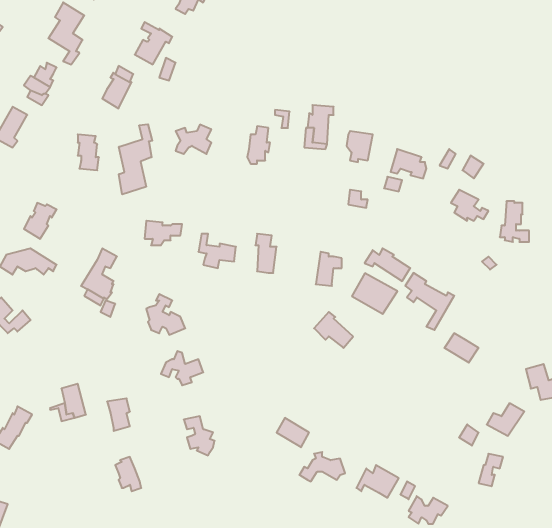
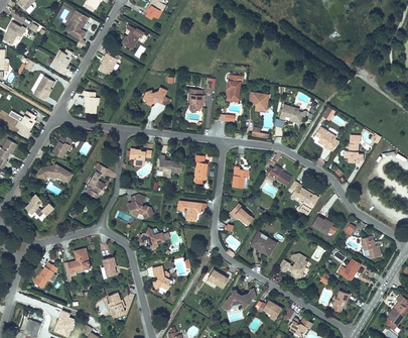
building: [119,124,152,194] -> none
building: [352,273,397,314] -> [250,231,278,256]
building: none -> [176,200,207,221]
building: none -> [278,252,308,278]

